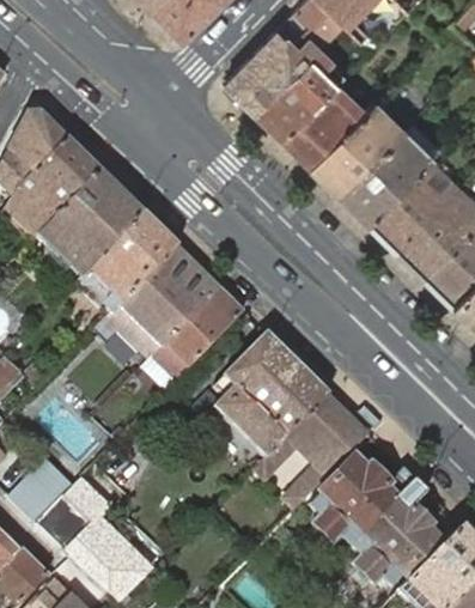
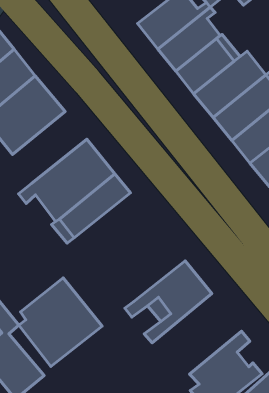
building: [75,209,176,311] -> none
building: [215,332,327,452] -> [19,278,102,367]
building: [310,455,413,541] -> none

